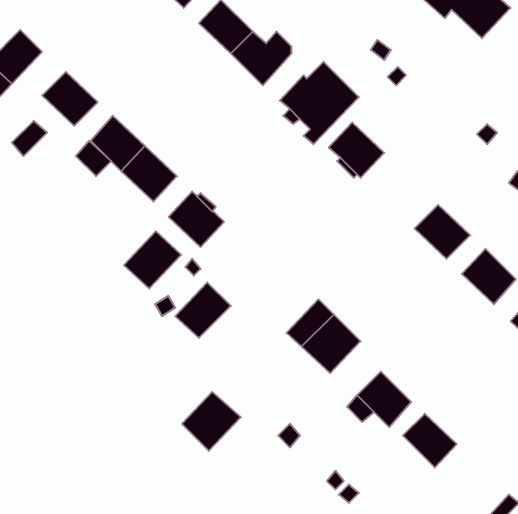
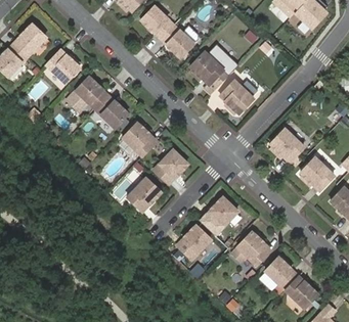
building: [124,231,181,289] -> [152,149,187,184]
building: [182,392,241,451] -> [176,226,212,262]
building: none -> [283,276,316,309]

